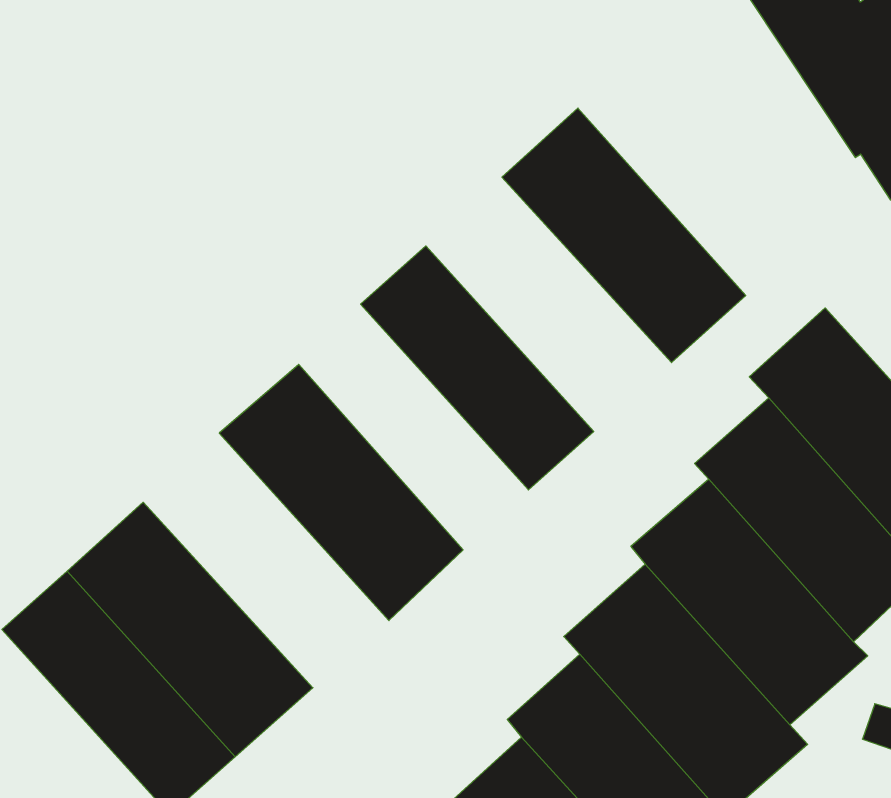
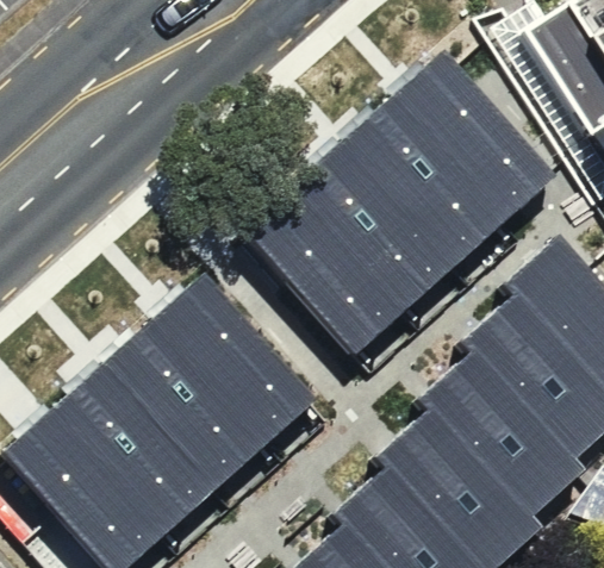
building: none -> [391,54,555,226]
building: none -> [288,146,454,318]
building: none -> [98,319,263,491]

